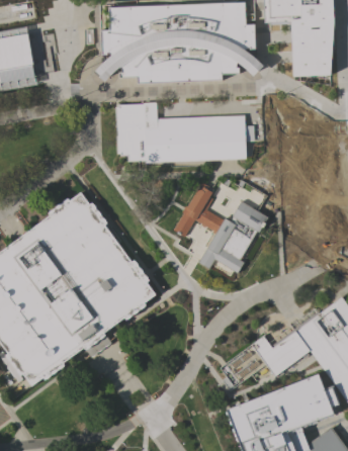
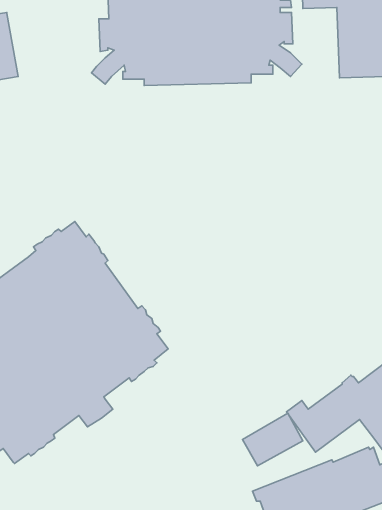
building: [116,102,255,163] -> none
building: [174,182,269,273] -> none

